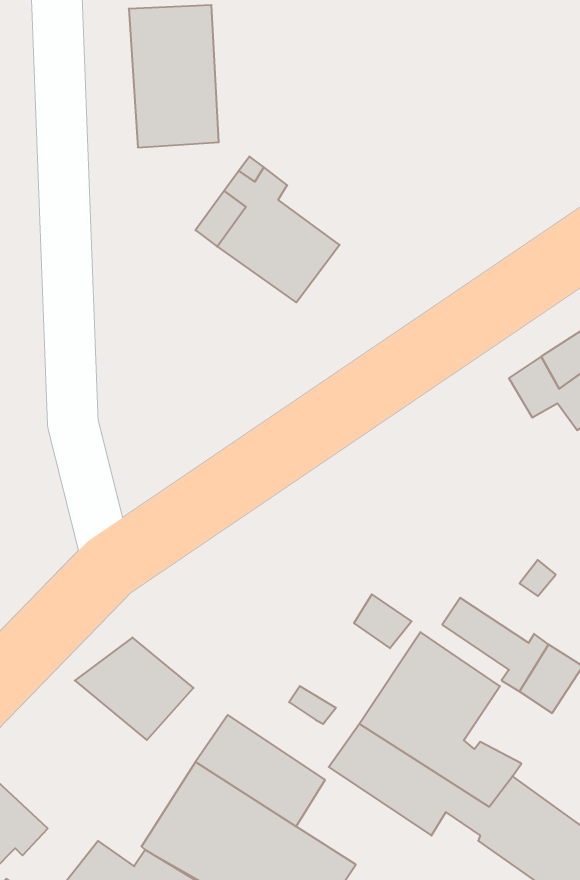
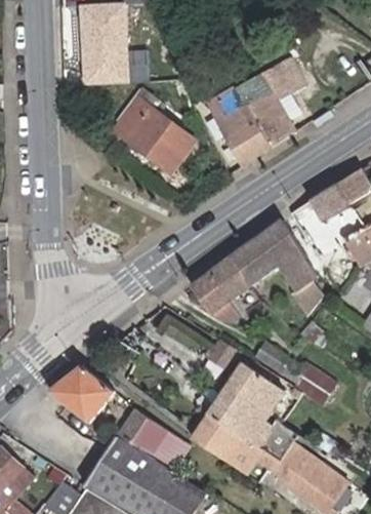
building: none -> [209,60,307,167]
building: none -> [193,224,322,325]

